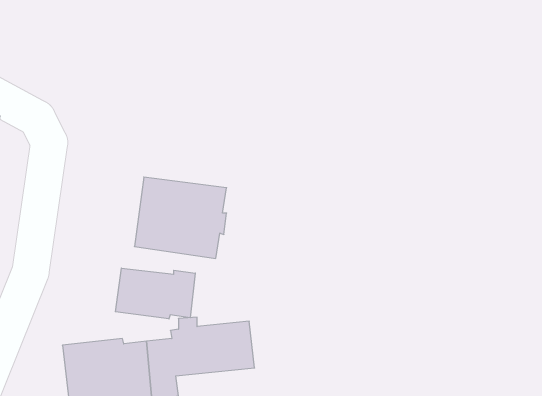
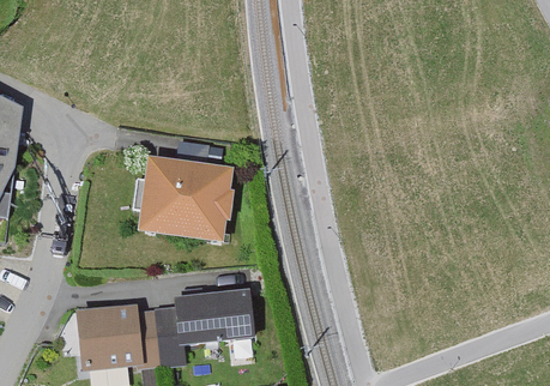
building: [115,268,195,319] -> none

